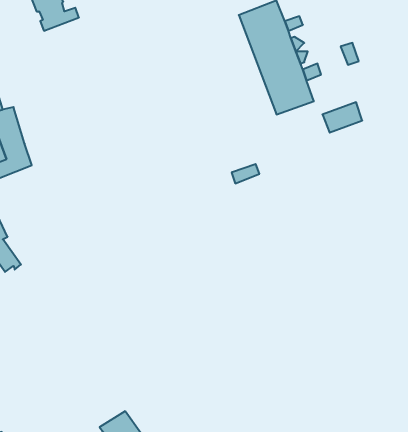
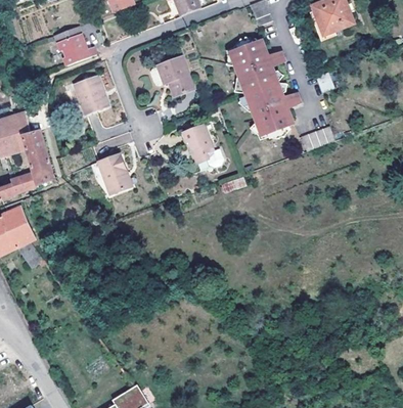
building: none -> [150,56,193,96]
building: none -> [75,75,109,114]
building: none -> [184,122,224,165]
building: none -> [98,152,132,192]

